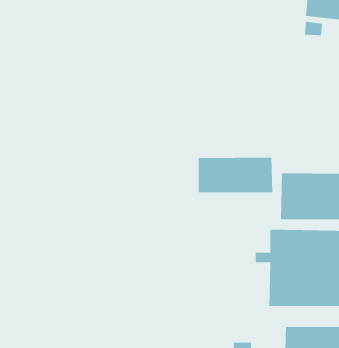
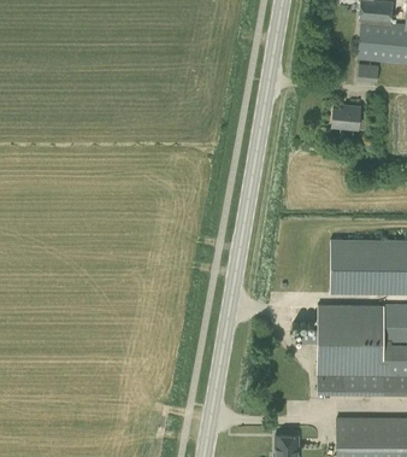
building: none -> [332,106,360,129]
building: [198,157,273,193] -> none

